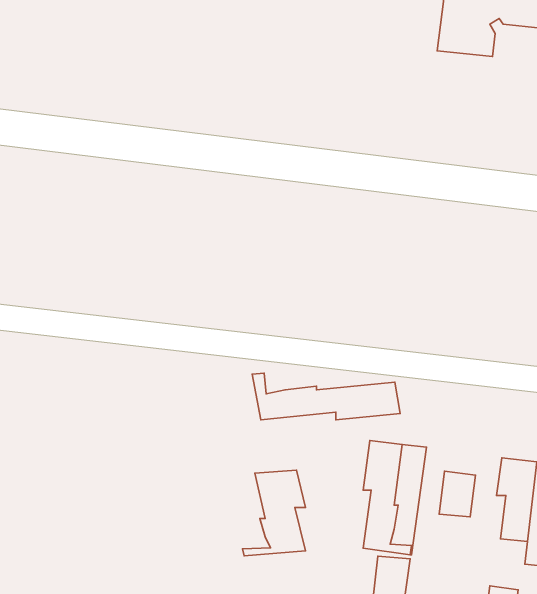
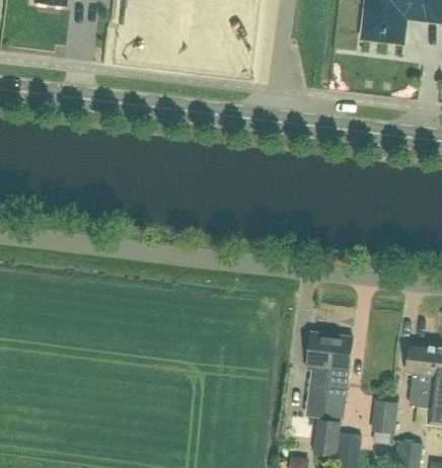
building: [252,373,400,420] -> none
building: [242,470,305,556] -> none
building: [439,471,475,517] -> [370,399,397,434]

